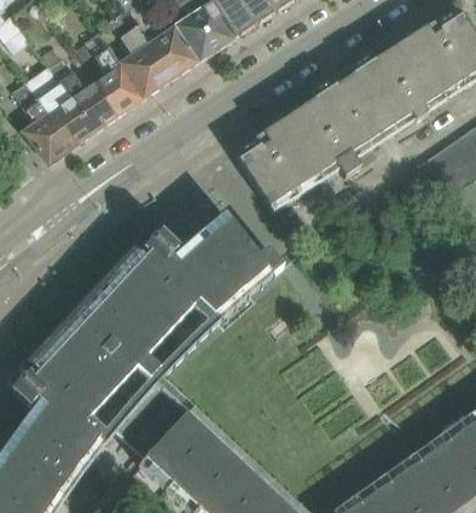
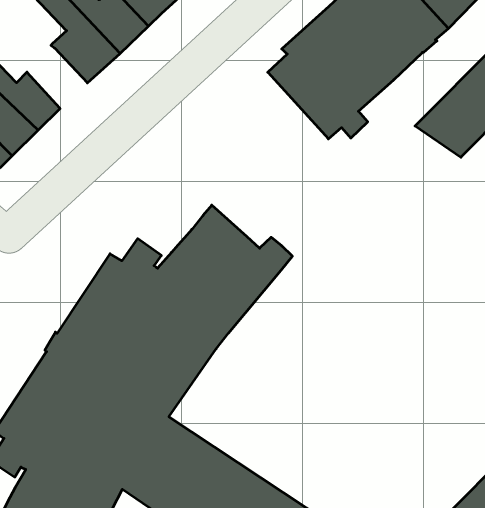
building: [86,33,141,115] -> none
building: [234,113,327,210] -> none

